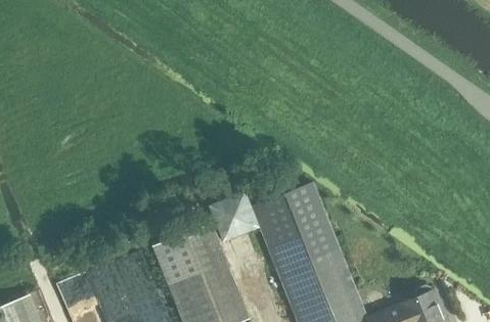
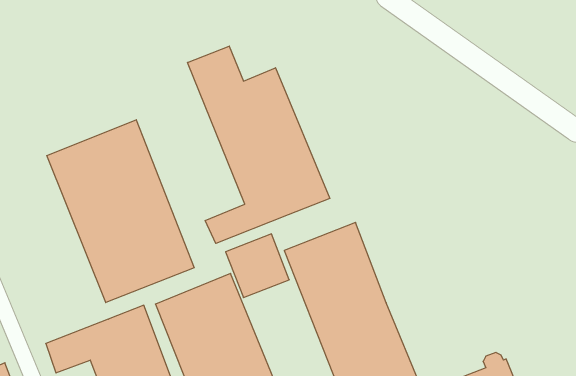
building: none -> [188,46,330,243]
building: none -> [47,120,194,303]

